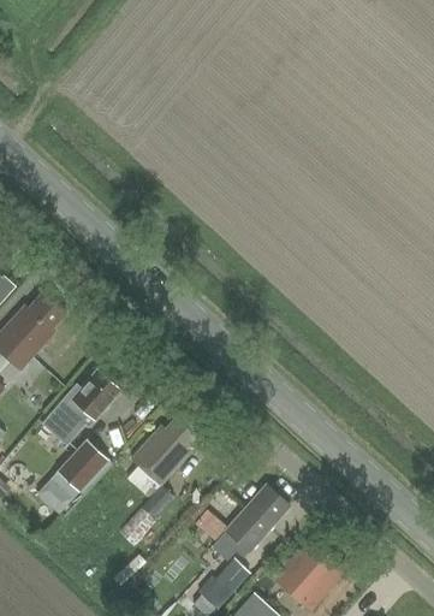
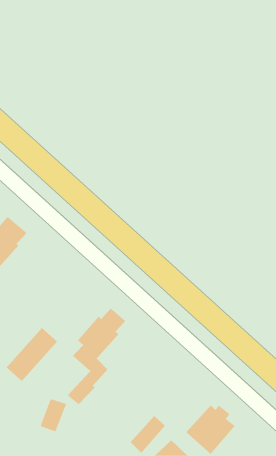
building: [43,371,123,446] -> none
building: [214,485,290,555] -> none
building: none -> [40,398,67,432]

